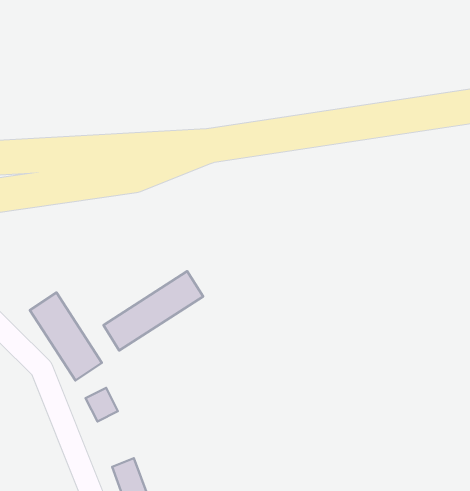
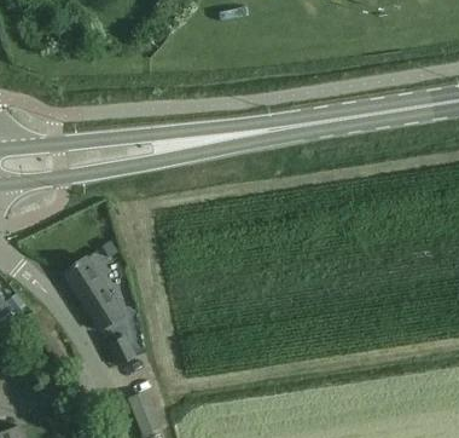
building: [104,271,203,351] -> none

